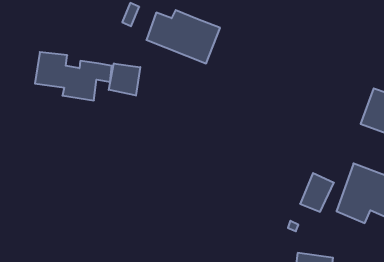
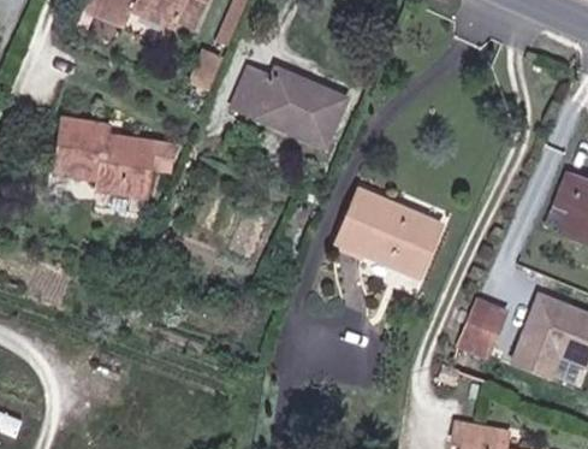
building: [109,63,140,96] -> none
building: none -> [341,197,438,282]

